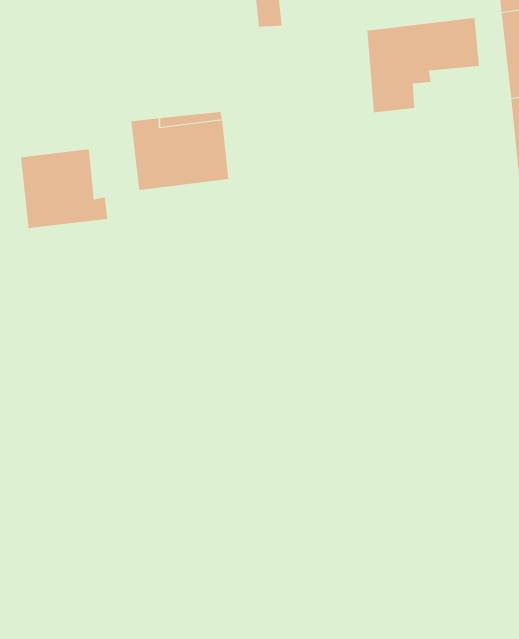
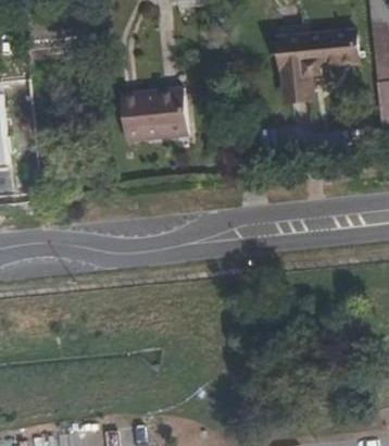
building: [21,149,108,229] -> none

